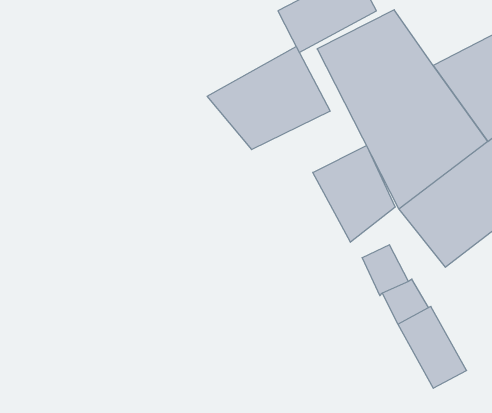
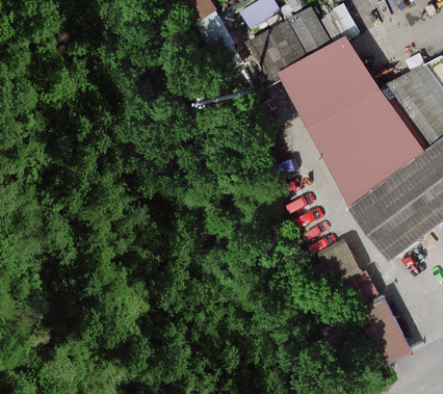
building: [207,46,330,150] -> none
building: [313,146,395,242] -> none

